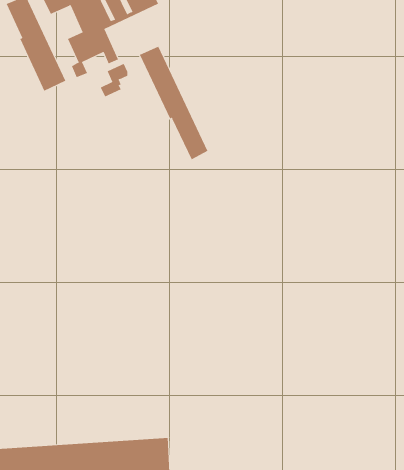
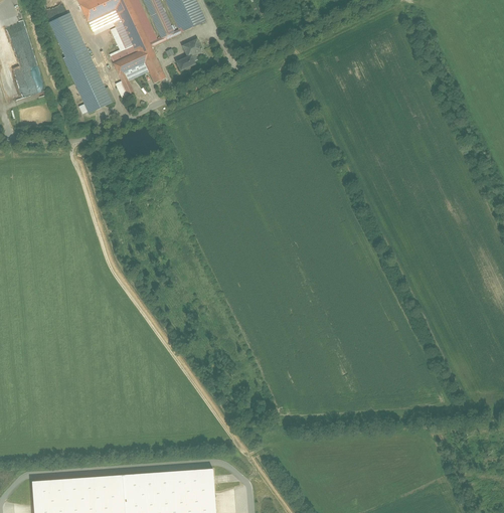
building: [139,46,208,160] -> none
building: [100,63,128,97] -> [174,38,203,73]

